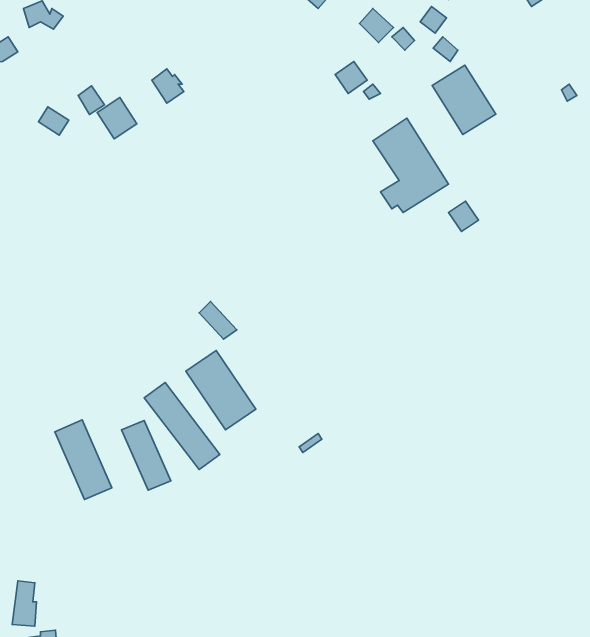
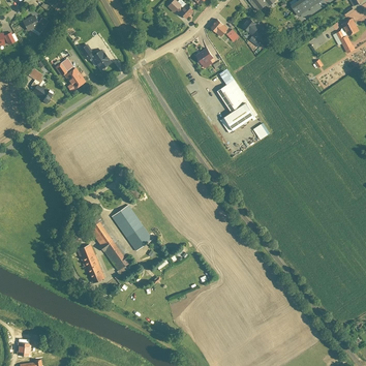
building: [432,65,496,134] -> none
building: [55,420,112,499] -> none

